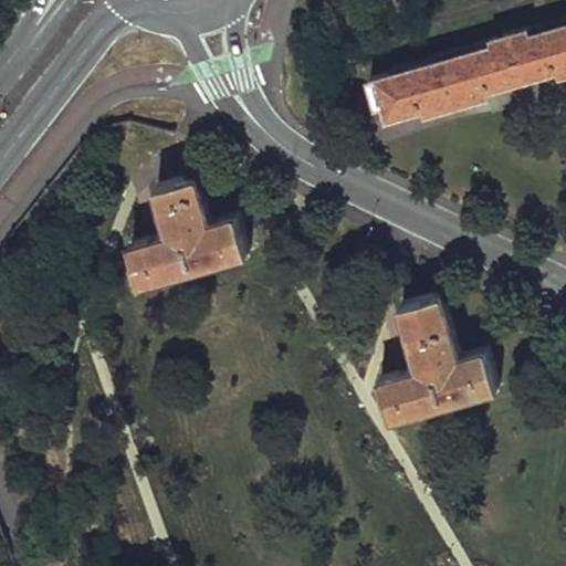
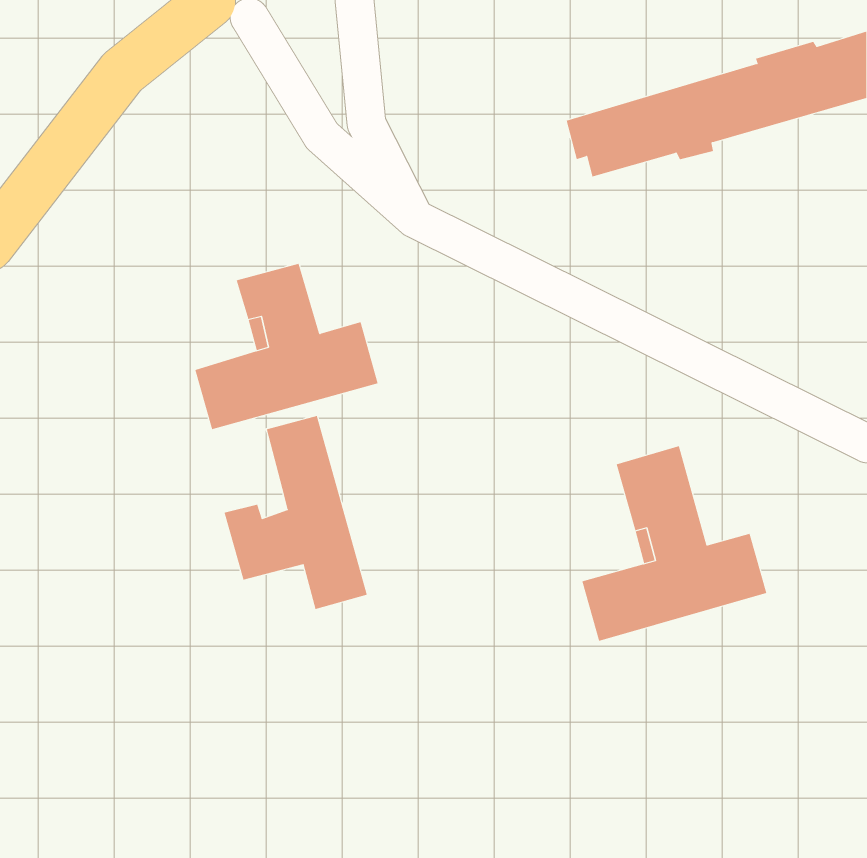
building: none -> [224,415,367,610]

